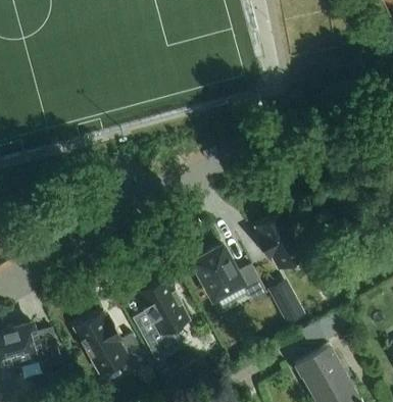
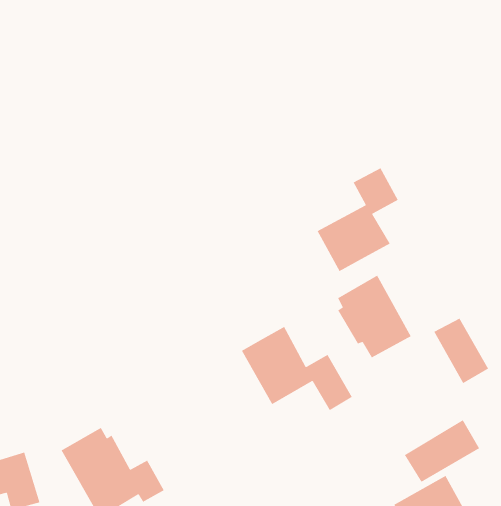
building: none -> [317,167,399,272]
building: [139,280,187,359] -> none
building: [268,282,305,325] -> [433,317,489,384]

